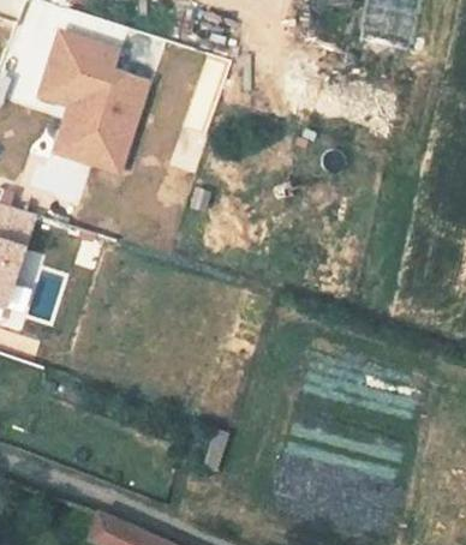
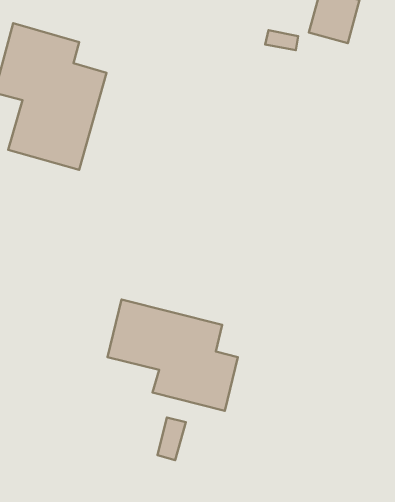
building: none -> [107,300,238,411]

